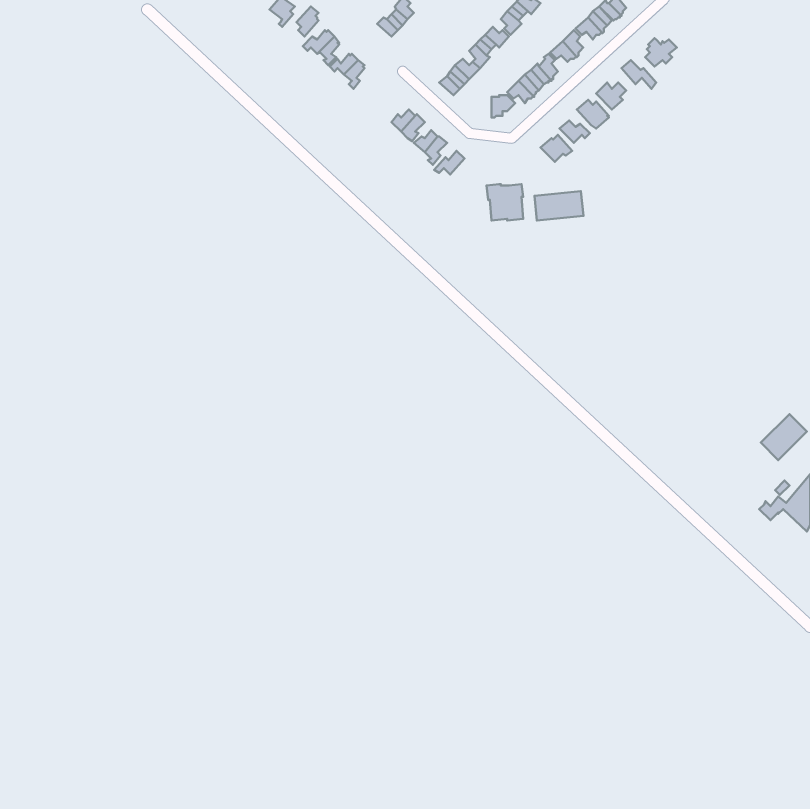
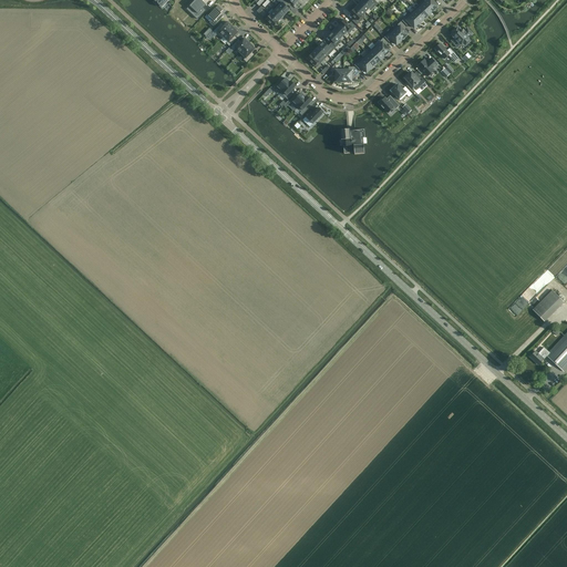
building: [534,191,583,220] -> none

